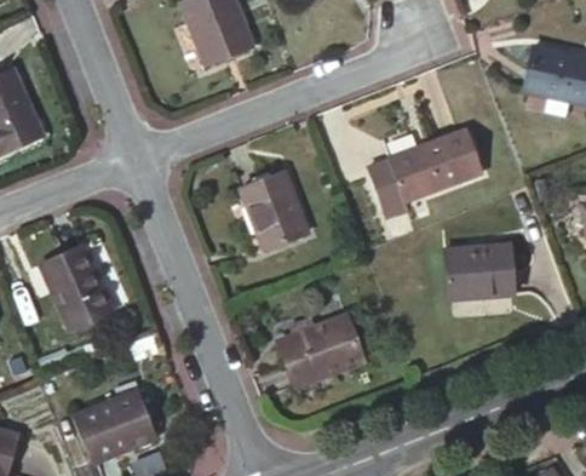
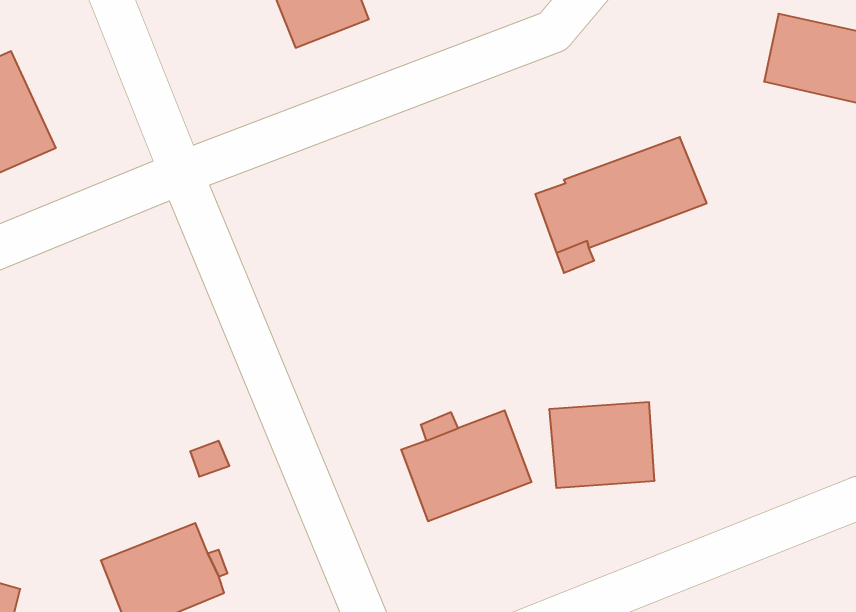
building: [239,168,310,251] -> none
building: [443,242,515,300] -> [549,402,655,488]
building: [40,246,111,328] -> none

